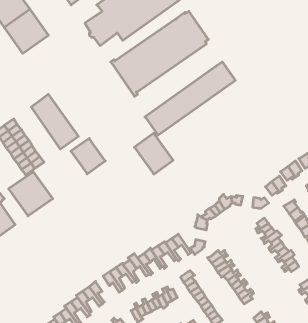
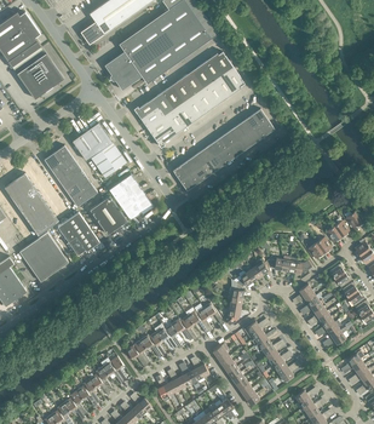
building: none -> [71,122,126,178]
building: [134,133,173,174] -> [108,174,151,220]
building: none -> [57,213,98,256]

